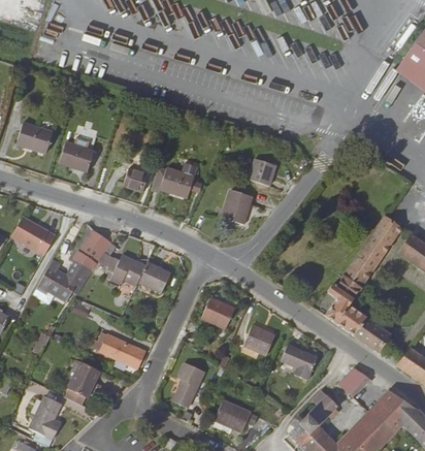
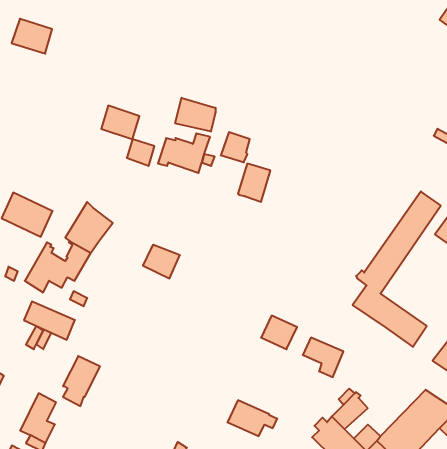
building: [17,122,53,153] -> [12,19,52,54]
building: none -> [175,98,216,132]
building: [60,141,94,171] -> [101,106,139,139]
building: [249,158,274,185] -> [221,132,250,162]
building: [99,251,145,286] -> none
building: [201,297,235,328] -> none
building: [100,334,145,368] -> [24,301,75,340]
building: [172,362,204,408] -> none
building: [338,367,370,395] -> none

